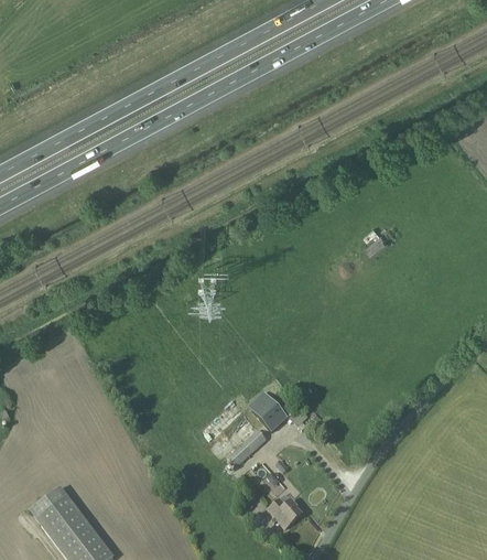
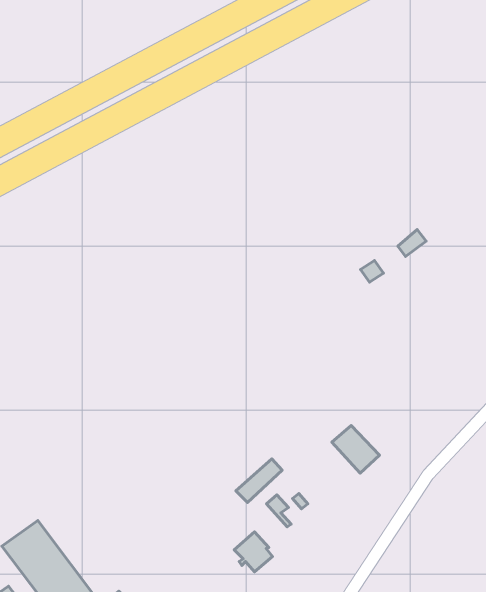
building: [249,392,290,433] -> [332,426,379,473]
building: [269,495,302,529] -> [234,532,273,572]

